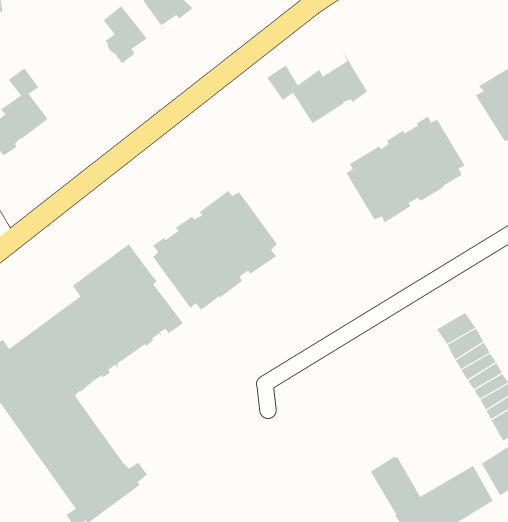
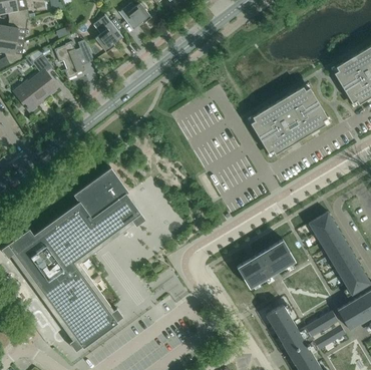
building: none -> [54,39,94,78]
building: [266,51,368,124] -> none
building: [152,190,278,311] -> none
building: none -> [236,239,295,288]

